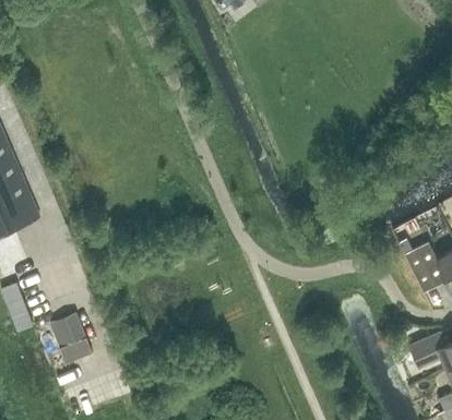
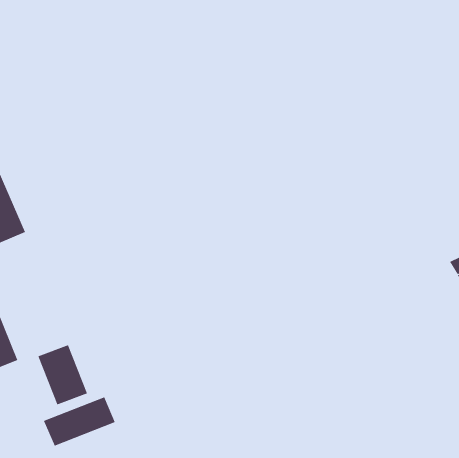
building: none -> [43,396,116,447]

